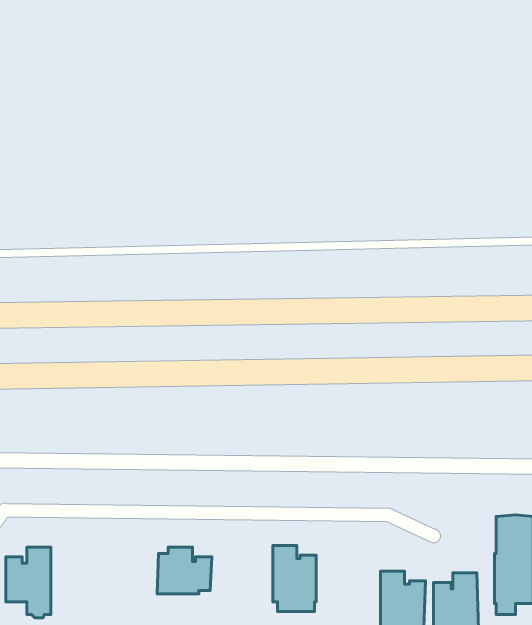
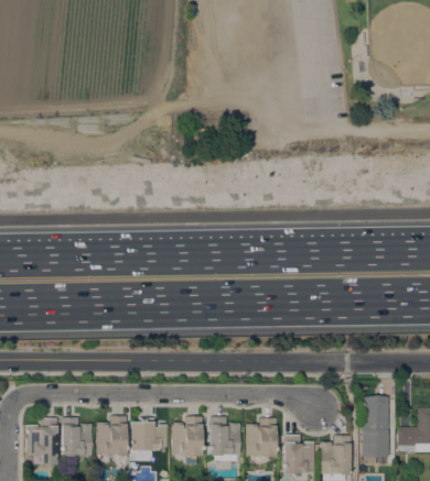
building: none -> [97,416,128,457]
building: none -> [172,417,203,466]
building: none -> [62,418,93,457]
building: none -> [247,418,277,466]

